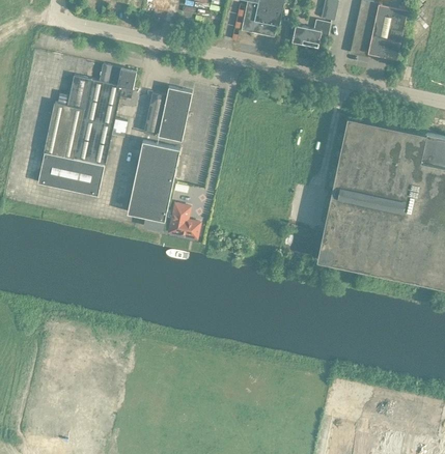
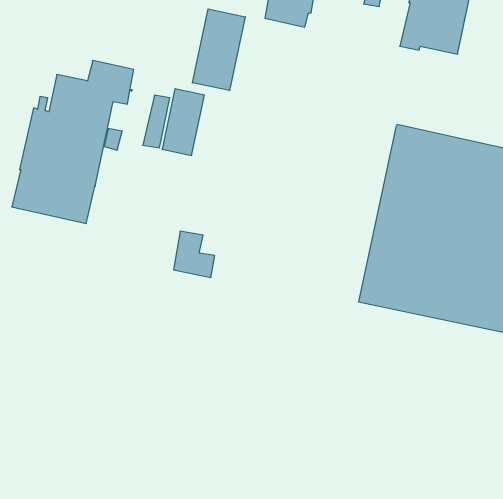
building: [291,21,330,48] -> none
building: none -> [192,9,245,91]
building: [127,142,179,222] -> none

